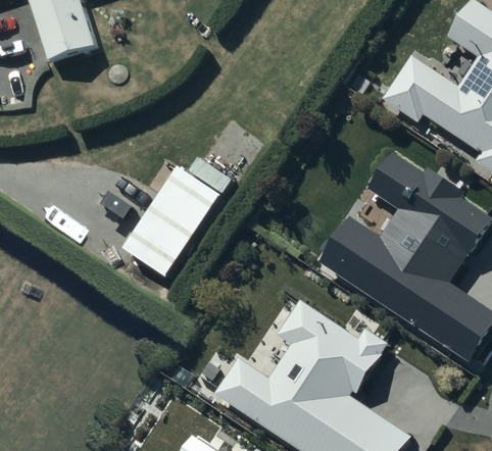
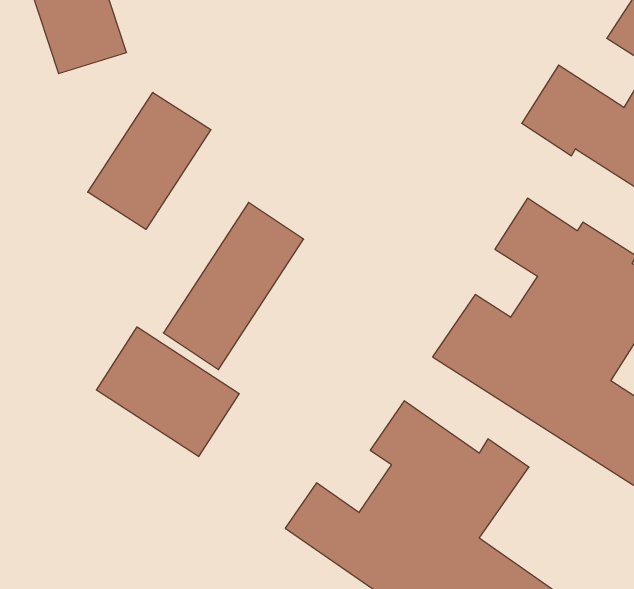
building: none -> [88,92,211,229]
building: none -> [96,327,239,457]

